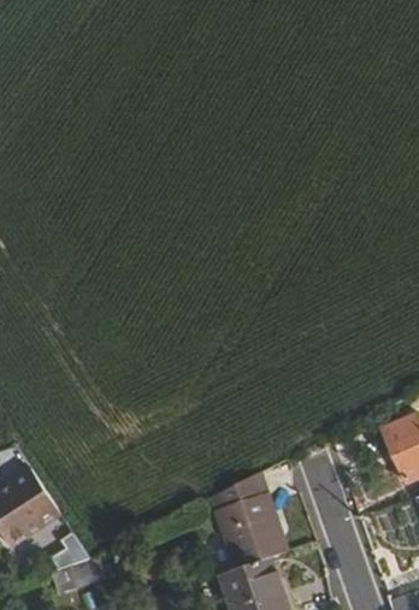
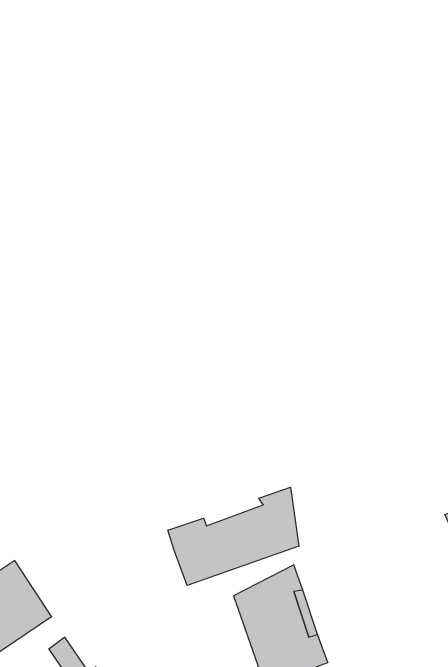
building: none -> [168,487,299,585]

